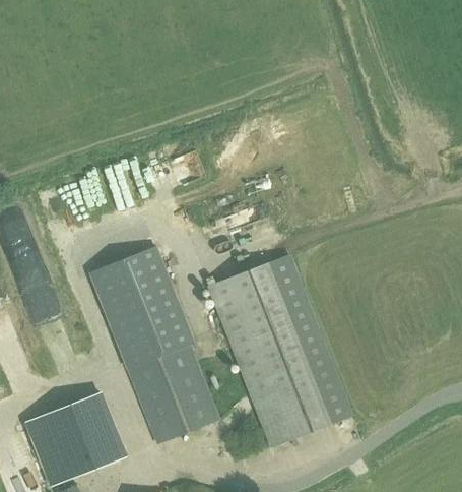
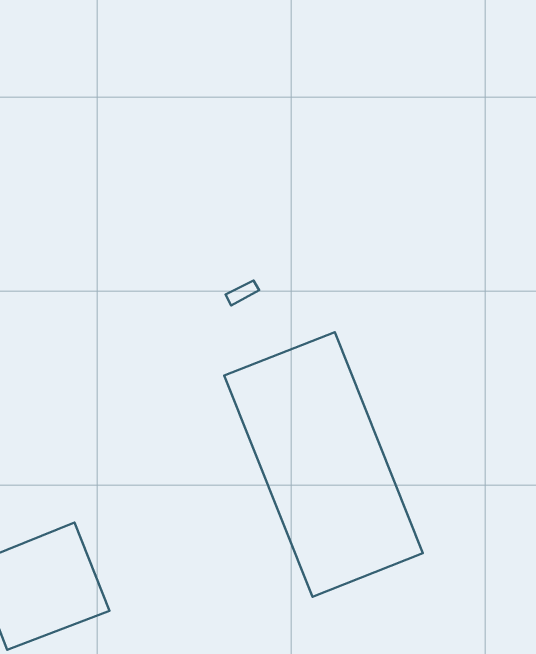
building: [89,245,220,443] -> none

